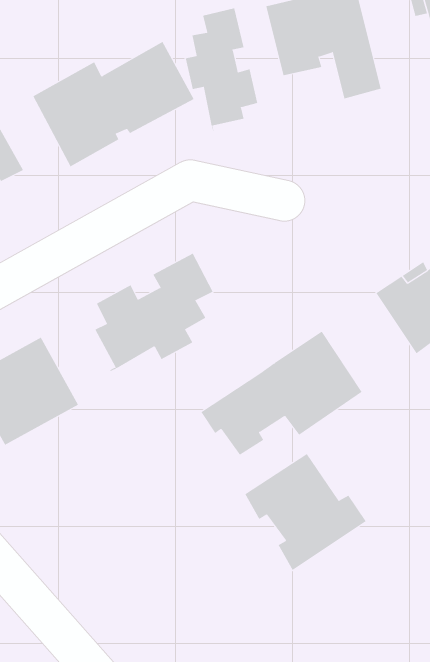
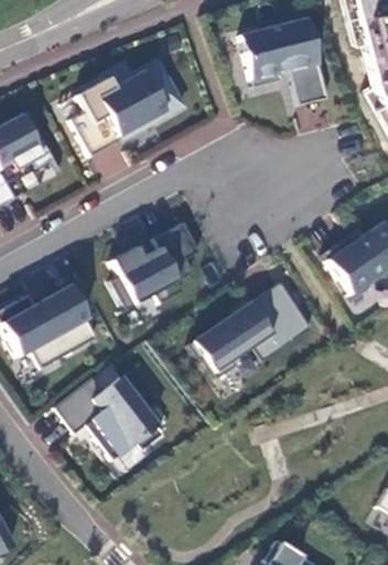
building: [185,7,258,132] -> none
building: [244,453,366,571] -> none
building: none -> [54,377,164,460]

